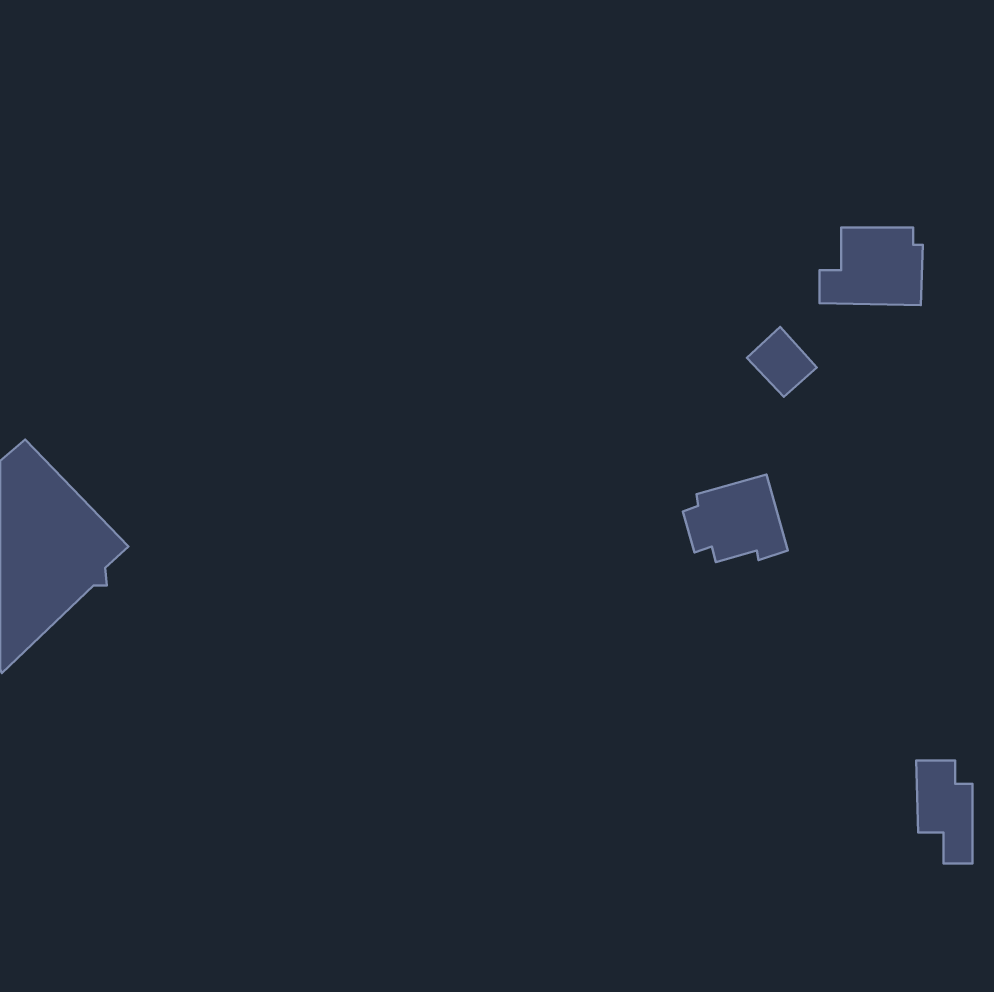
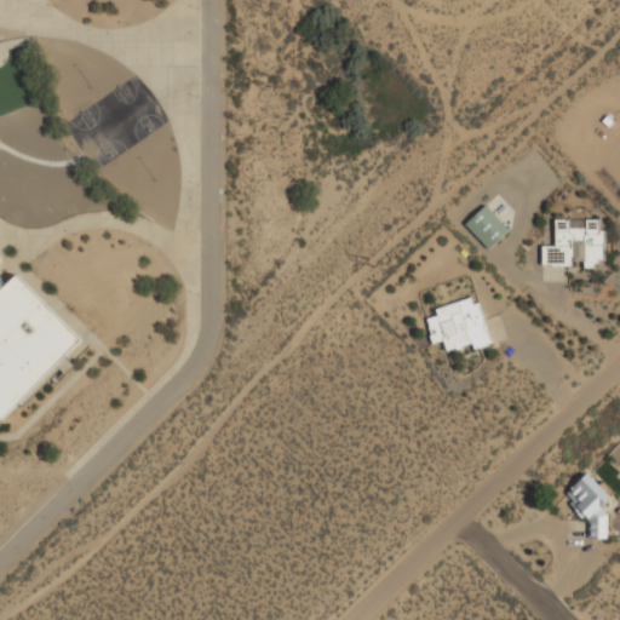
building: [820,227,923,305] -> [540,218,604,266]

